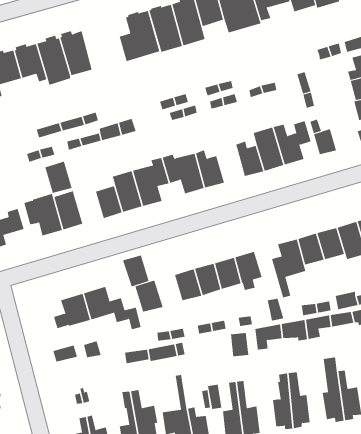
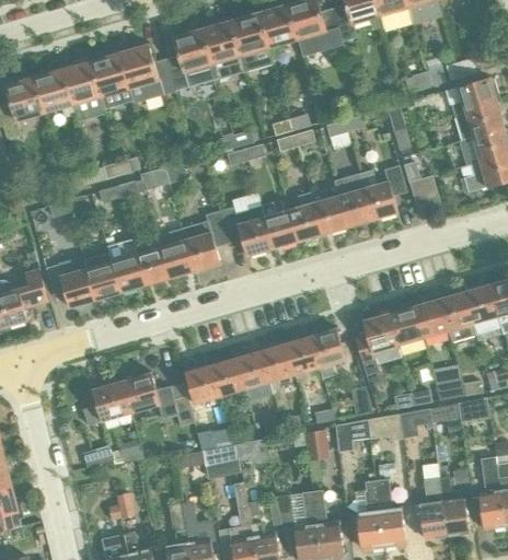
building: none -> [119,43,174,104]
building: none -> [288,191,322,243]
building: [44,161,72,193] -> [111,254,146,294]
building: [122,255,149,287] -> [210,358,244,398]

